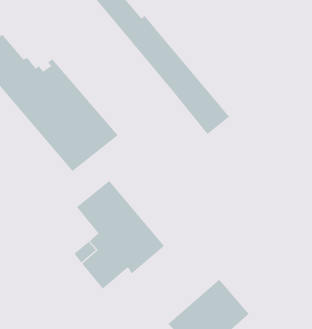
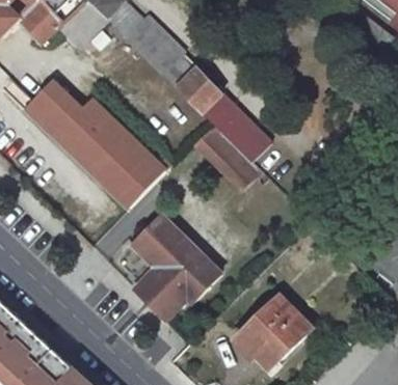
building: none -> [191,120,260,188]

